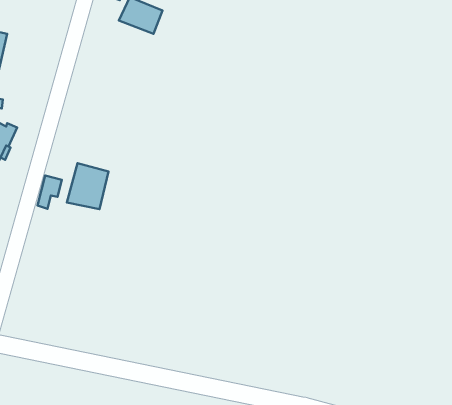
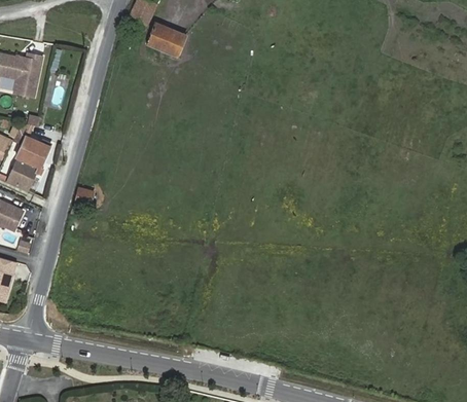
building: [67,163,108,209] -> none

